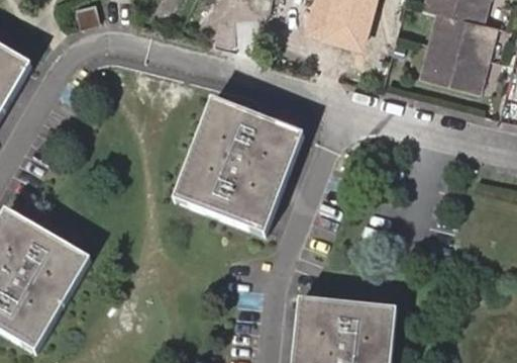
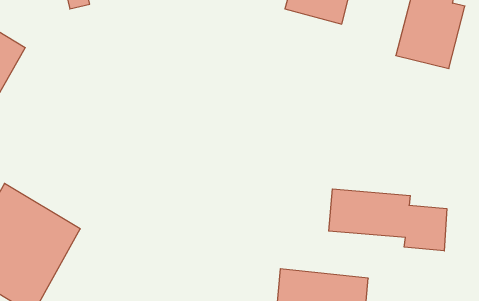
building: [175,100,300,232] -> none
building: none -> [329,189,447,251]

